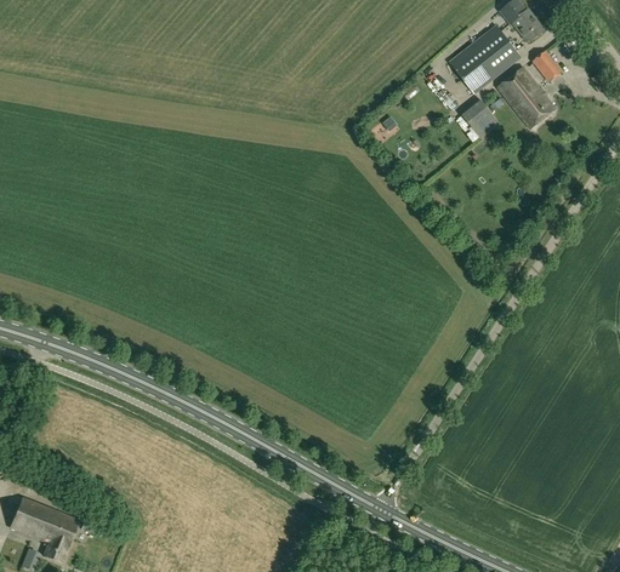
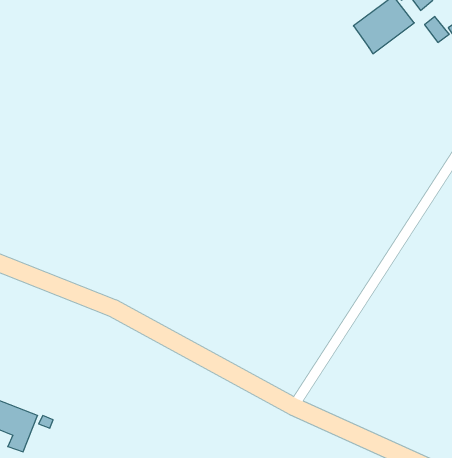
building: [496,67,556,128] -> none
building: [461,99,499,137] -> none

